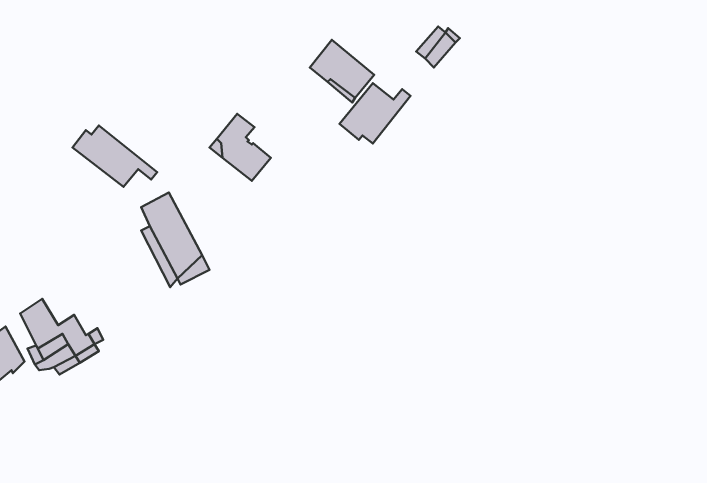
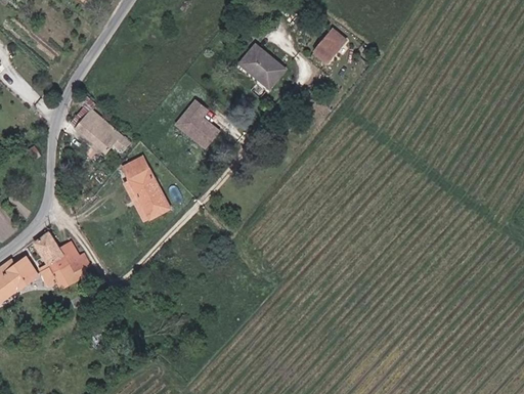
building: [340,83,411,144] -> none

